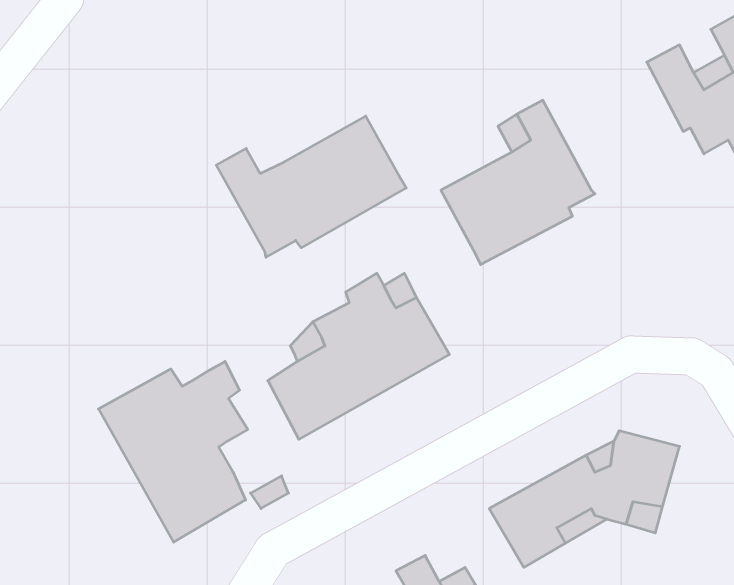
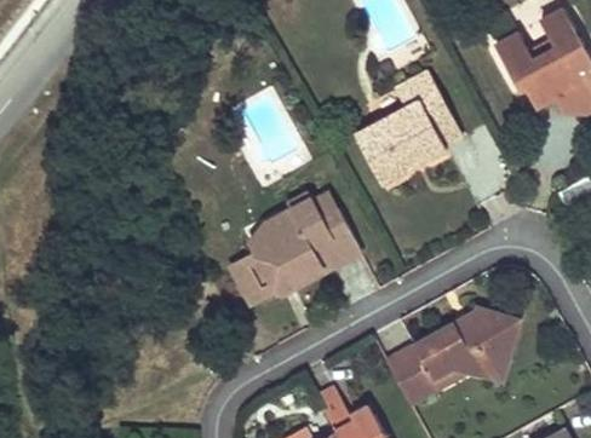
building: [216,116,406,257] -> none
building: [98,361,248,542] -> none

